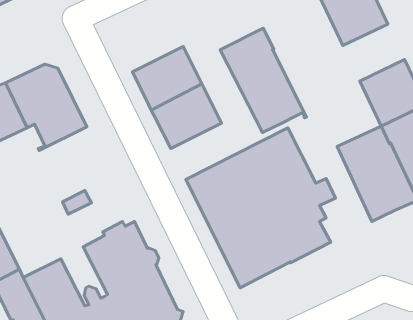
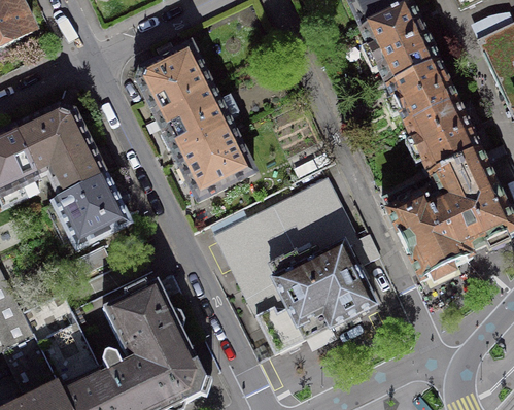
building: none -> [138,45,212,115]
building: none -> [388,63,456,126]
building: [220,28,306,132] -> none
building: none -> [54,176,129,249]

